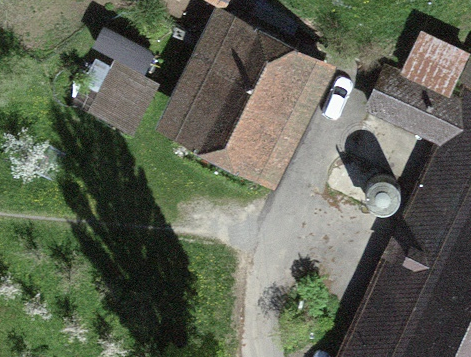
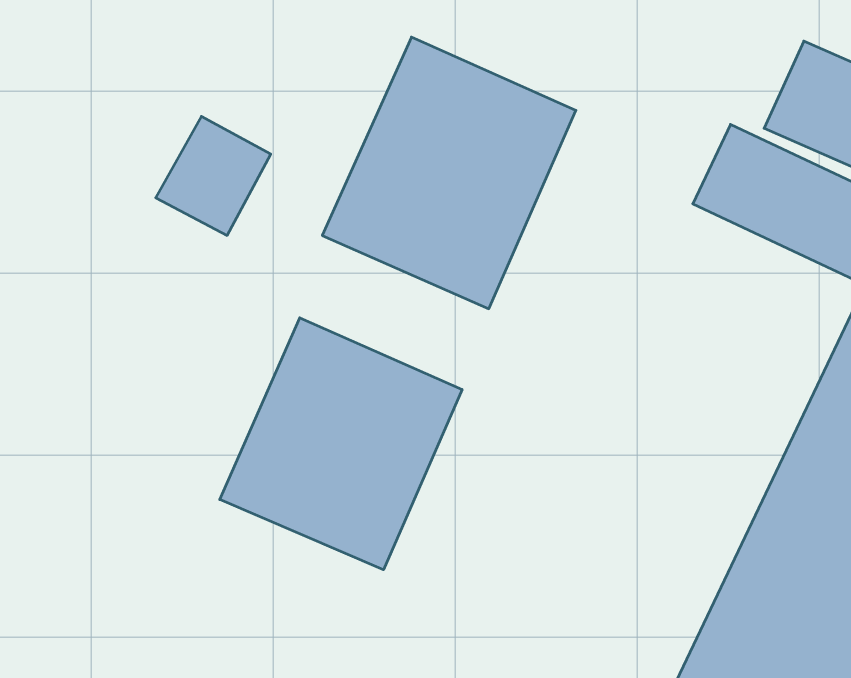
building: none -> [220,318,462,570]

